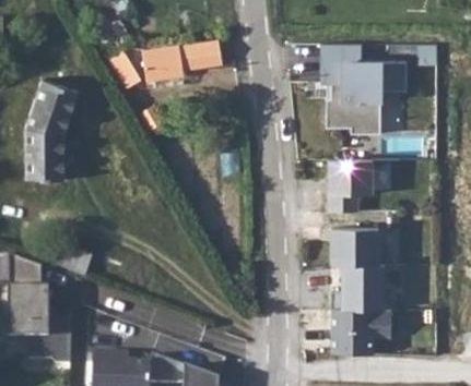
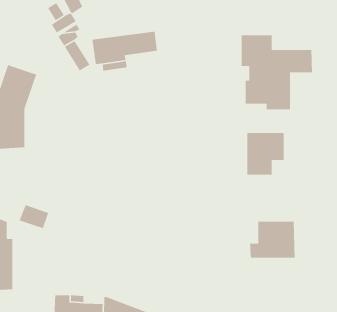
building: [330,228,379,265] -> none
building: [332,310,392,354] -> none

